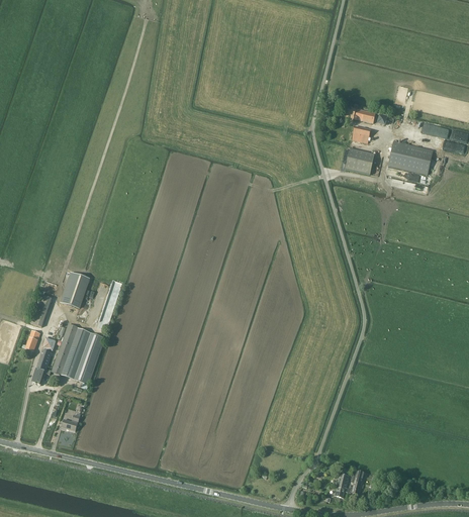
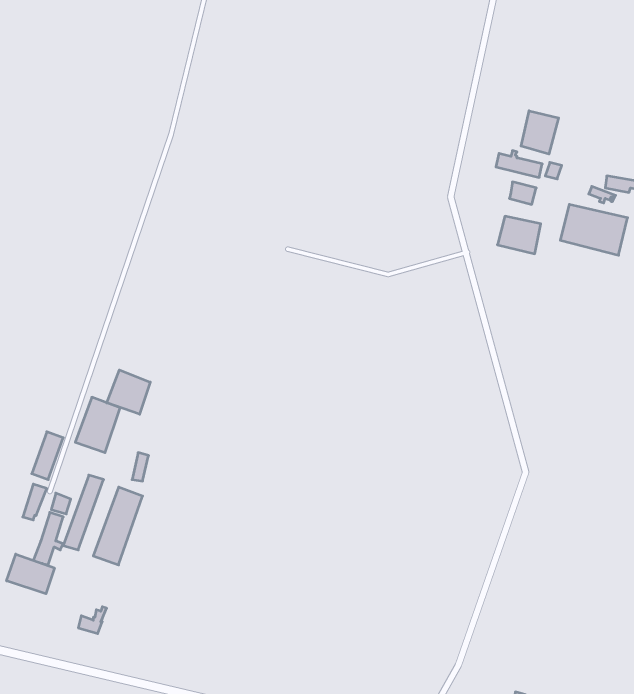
building: none -> [521,111,559,154]
building: none -> [107,370,150,414]
building: none -> [7,554,54,594]

